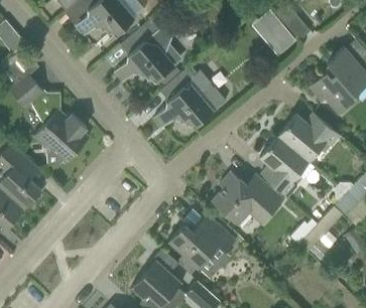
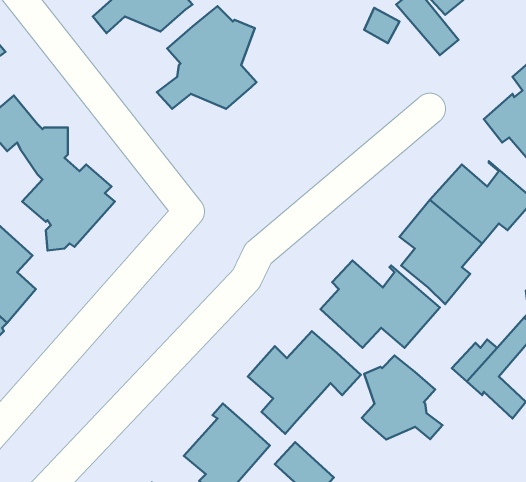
building: [153,65,226,128] -> none
building: none -> [362,356,443,440]

